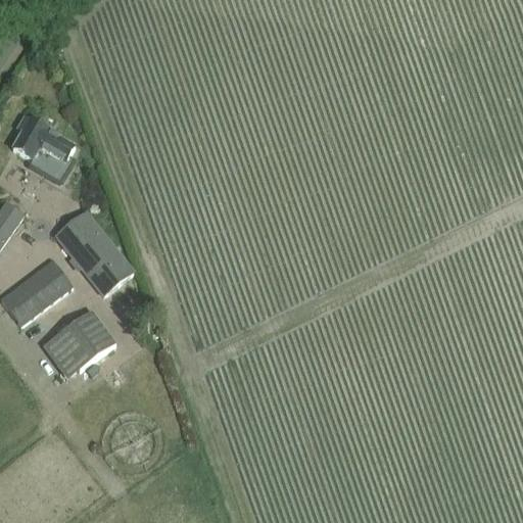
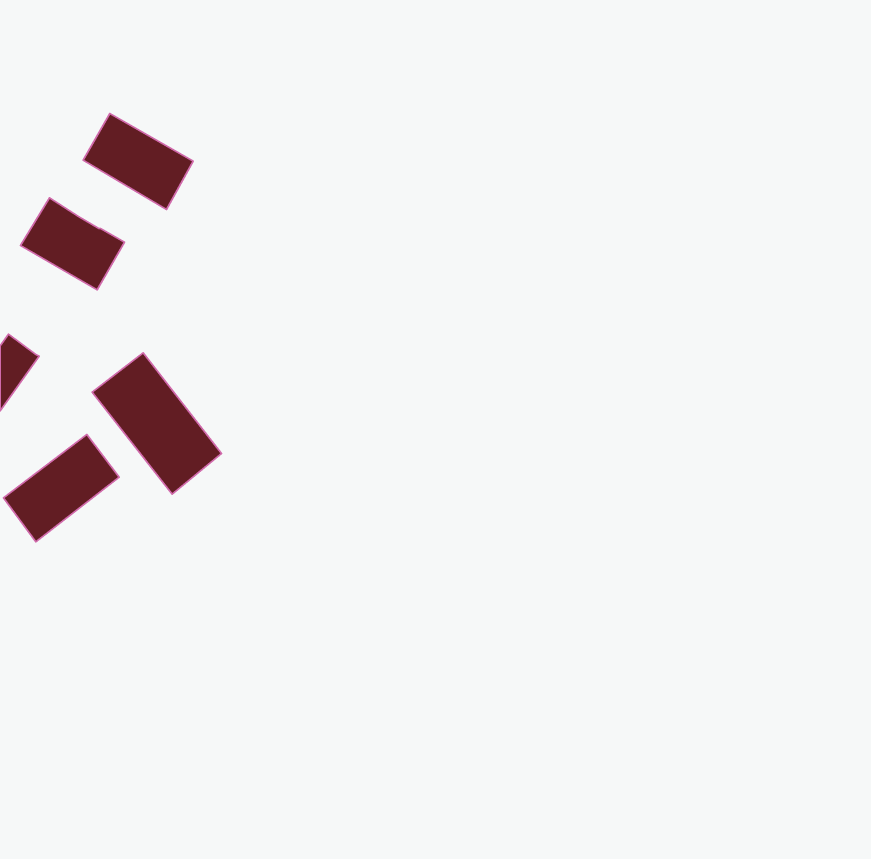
building: none -> [83,114,193,209]
building: [43,311,115,378] -> none

